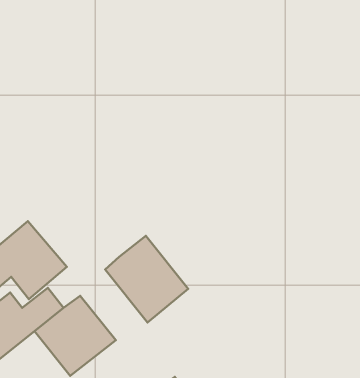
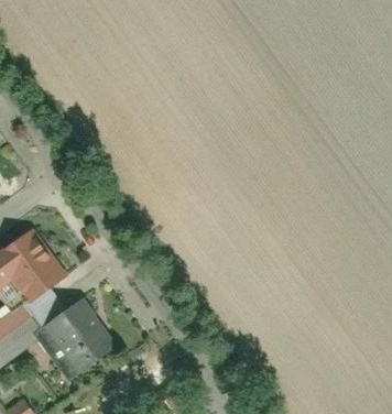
building: [105,236,188,323] -> none

